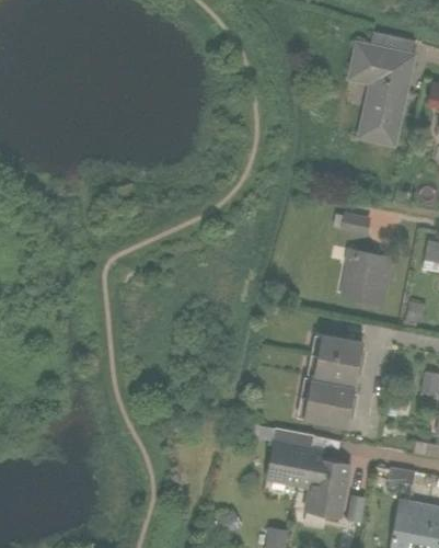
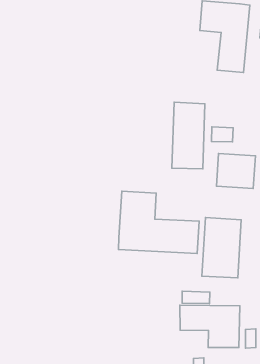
building: none -> [172,102,205,169]
building: none -> [118,191,199,253]

